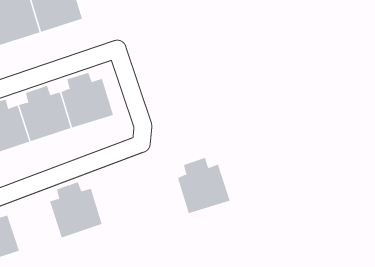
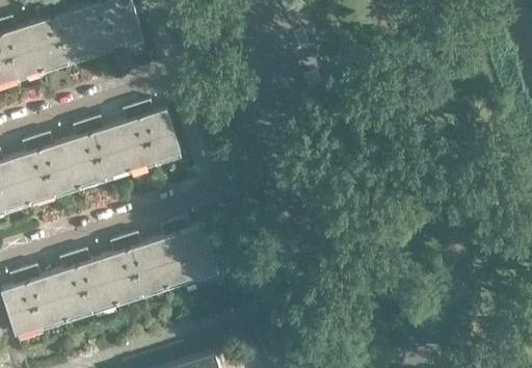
building: [177,157,230,214] -> [152,220,216,289]
building: none -> [51,254,115,321]

